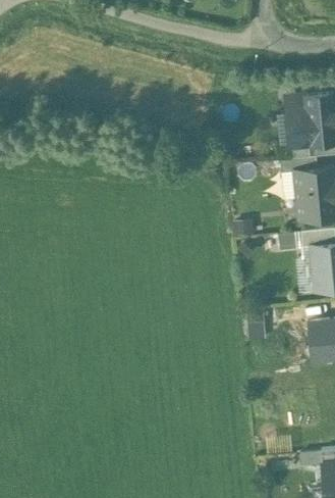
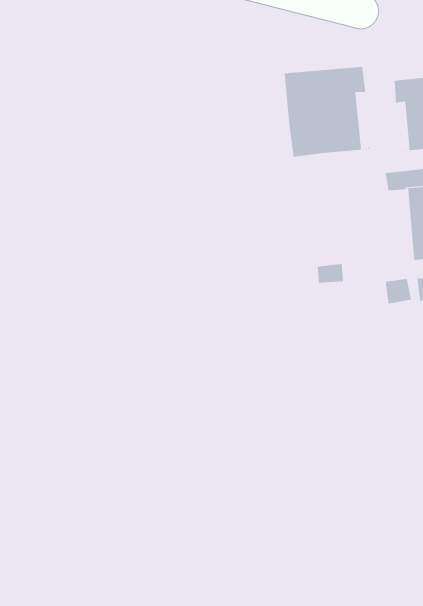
building: none -> [284,66,371,158]

